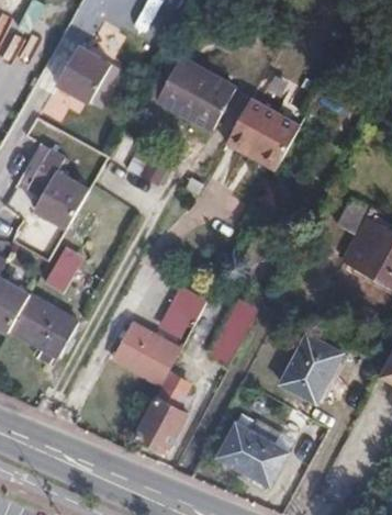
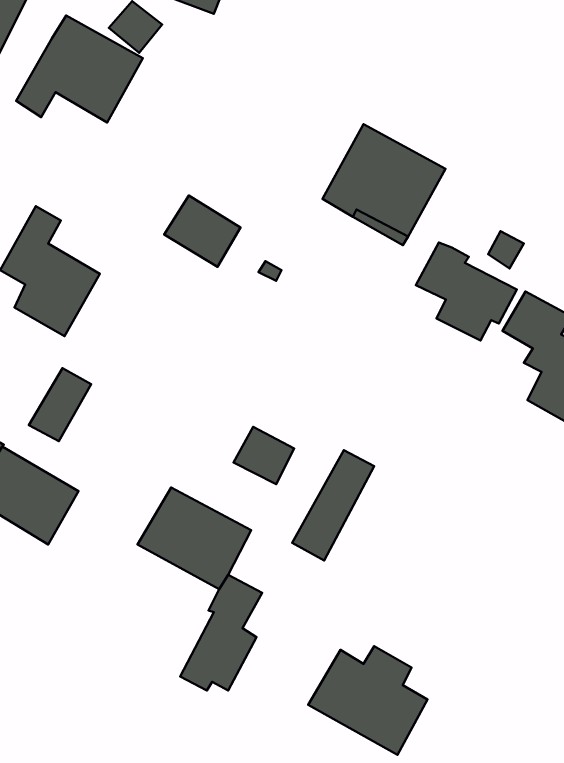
building: [156,56,236,130] -> none
building: none -> [416,243,517,341]
building: [283,337,347,405] -> none

